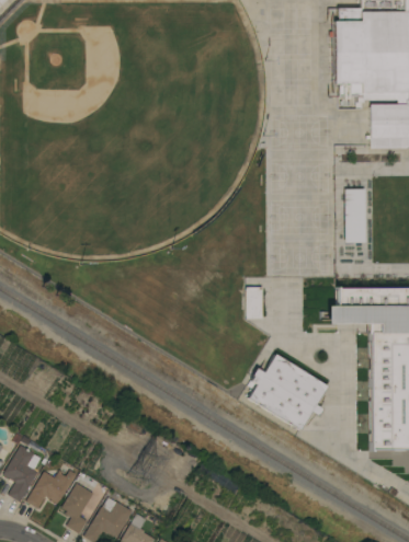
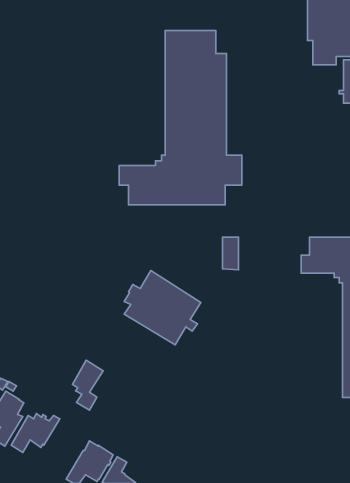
building: none -> [119,30,242,205]
building: [345,188,365,242] -> none
building: [248,353,327,429] -> [124,271,201,345]
building: [63,482,94,533] -> [72,360,103,410]

